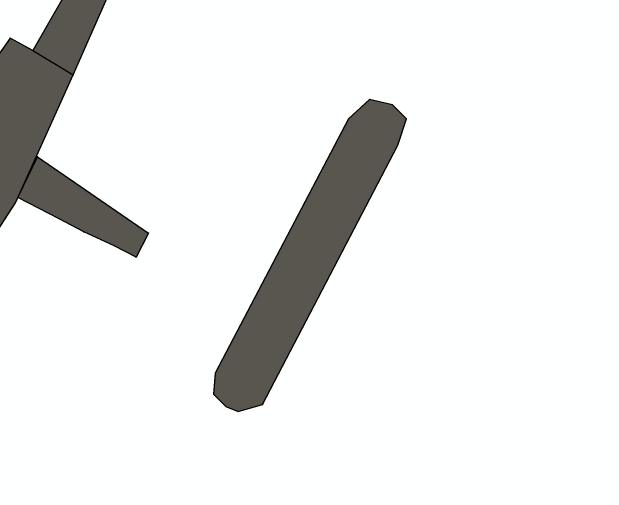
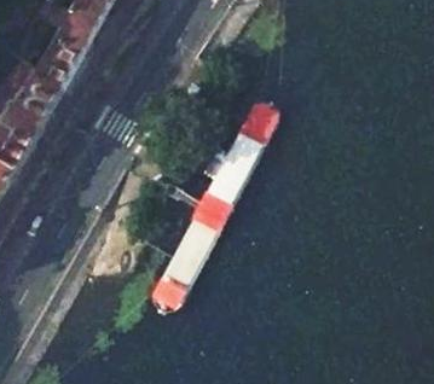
building: [18,157,149,257] -> none

